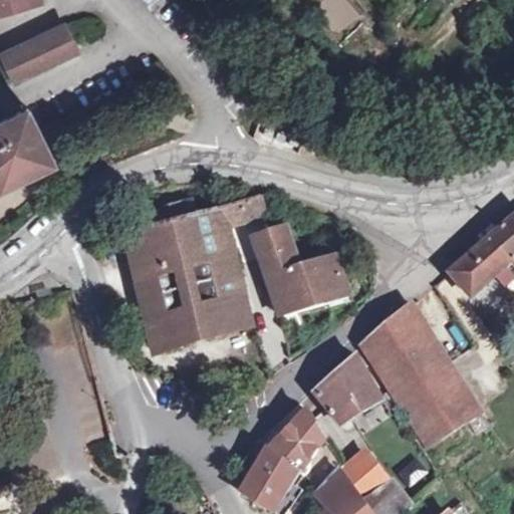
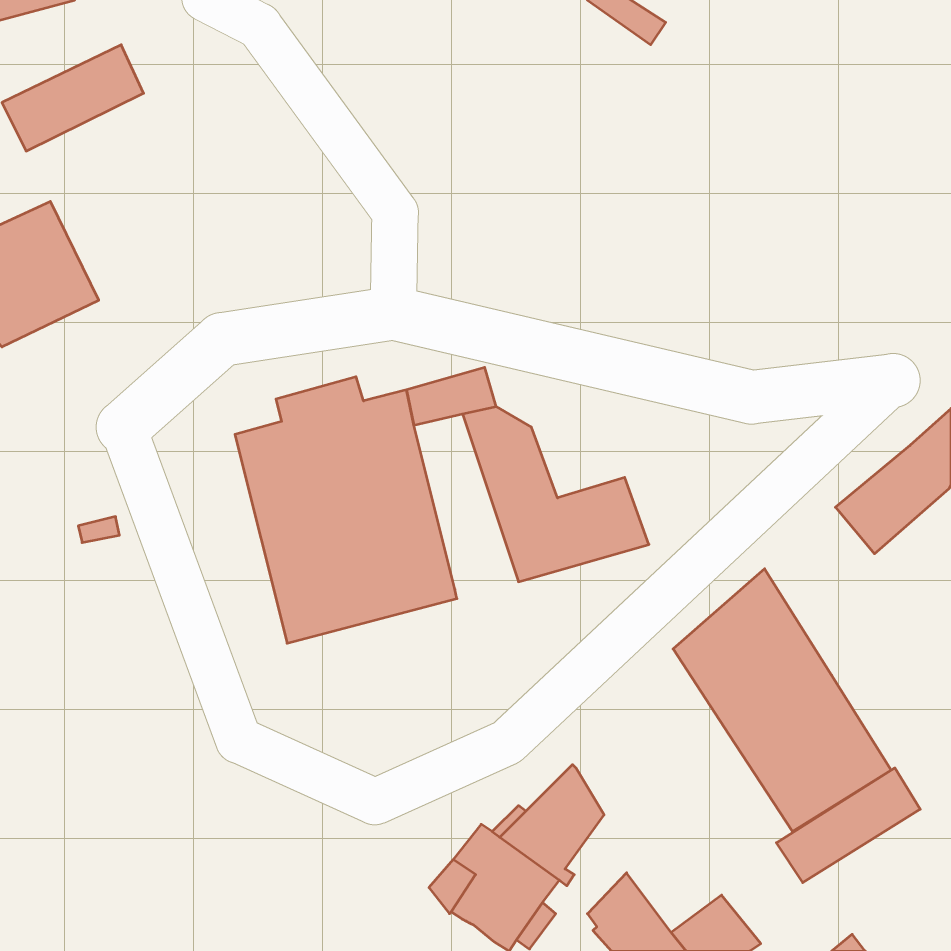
building: [316,360,380,425] -> none
building: none -> [776,768,920,883]
building: [337,452,389,502] -> none

